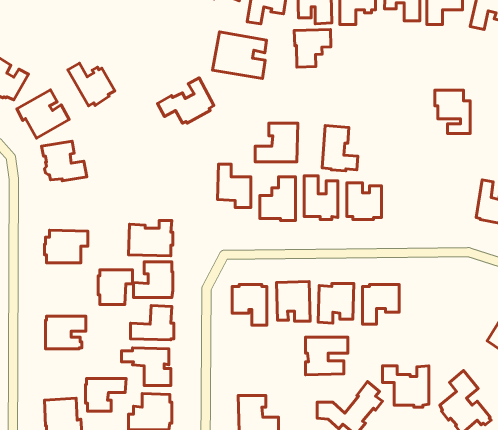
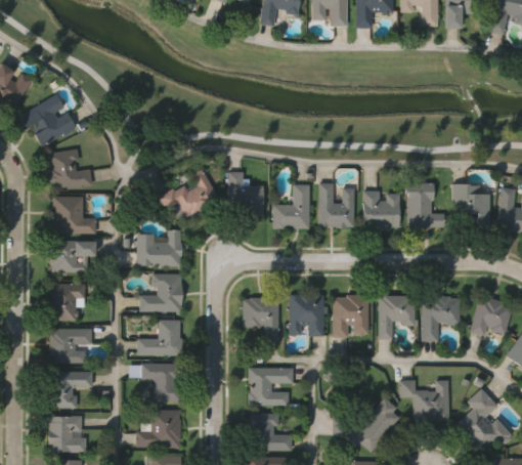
building: [294,29,331,67] -> none
building: [213,32,267,79] -> none
building: [68,63,115,106] -> none
building: [158,78,214,123] -> [160,169,218,216]
building: [435,90,470,134] -> [451,183,488,228]
building: [255,123,298,162] -> none
building: [322,125,358,171] -> [406,182,443,229]
building: none -> [52,197,96,234]
building: [98,270,133,305] -> [49,285,85,321]
building: none -> [423,296,461,341]
building: none -> [470,297,512,335]
building: [305,337,348,375] -> [248,368,292,407]
building: [86,379,126,411] -> [51,373,93,407]

